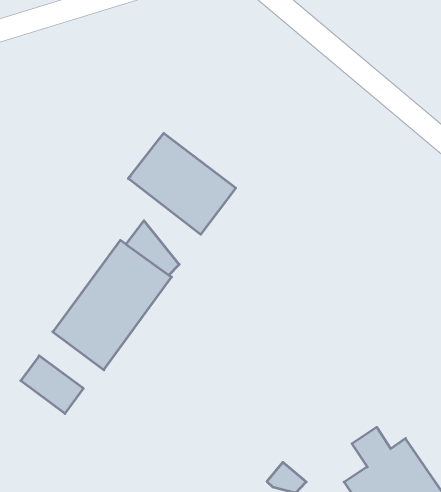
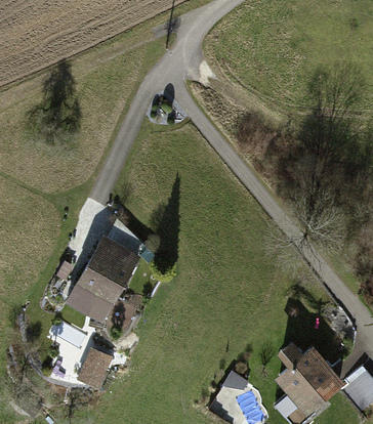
building: [128,133,236,234] -> none
building: none -> [77,348,113,389]

